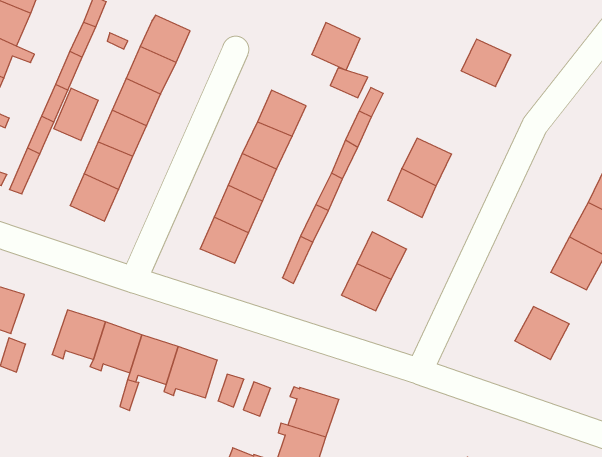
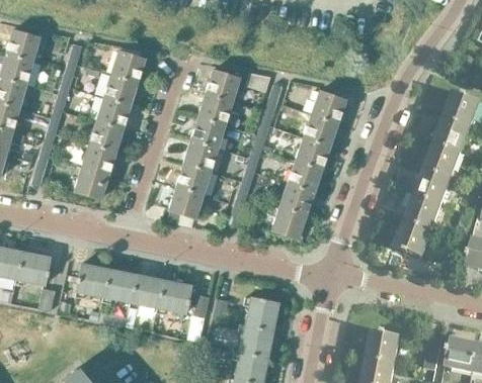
building: [312,23,360,70] -> [206,70,238,101]
building: [461,39,511,87] -> [311,91,344,122]
building: [54,88,98,141] -> none
building: none -> [288,160,321,192]
building: none -> [406,196,441,230]

